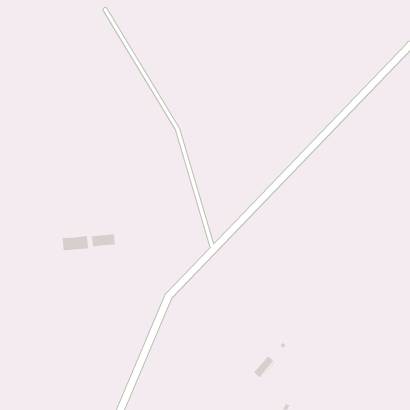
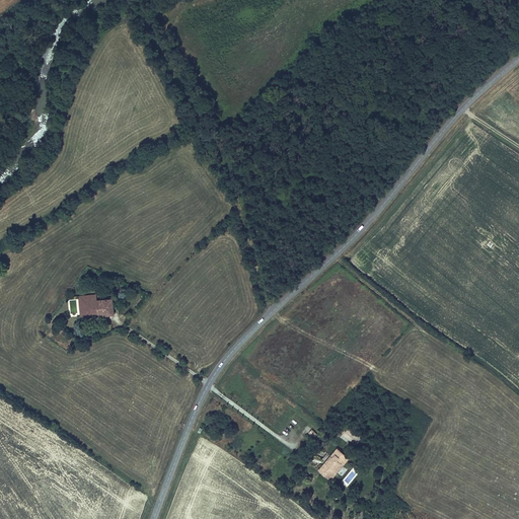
building: [91,234,115,247] -> none

